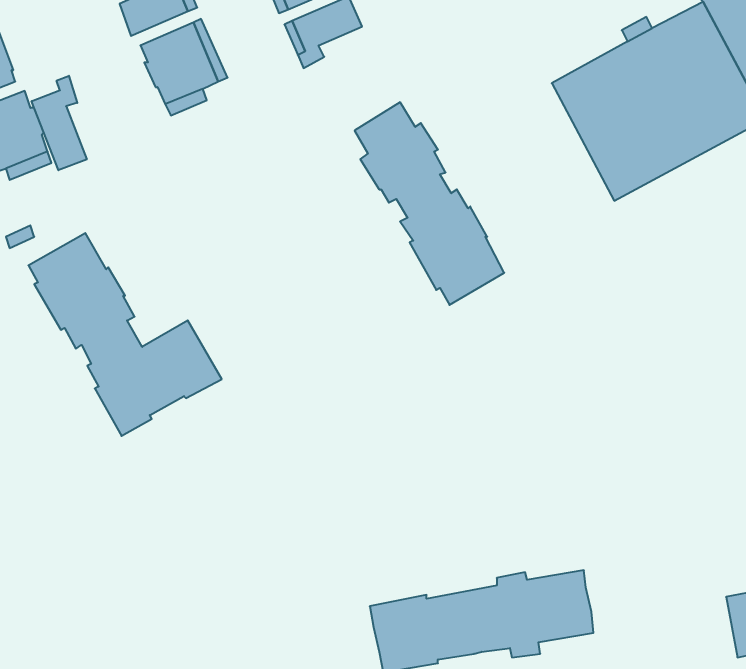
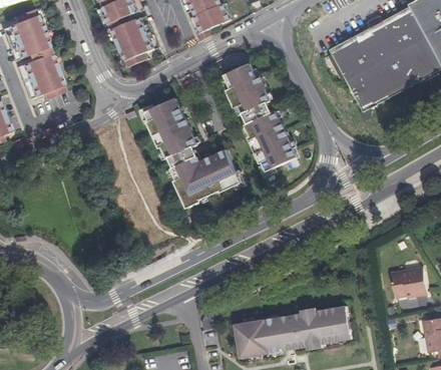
building: [32,76,87,170] -> none
building: [28,233,222,436] -> [144,94,247,202]
building: none -> [390,268,426,299]

